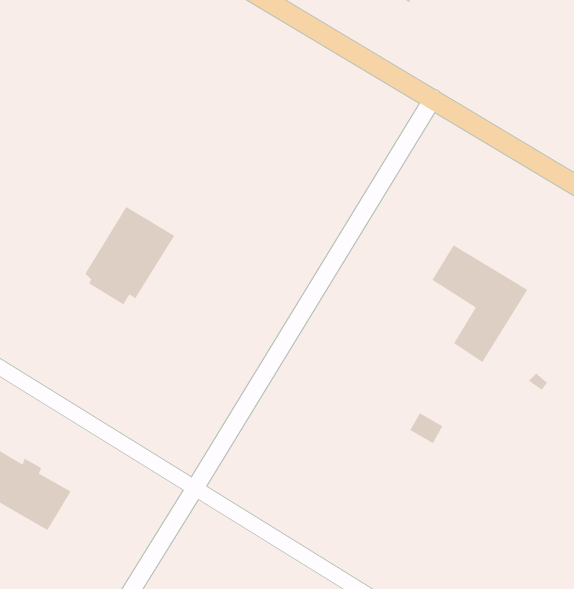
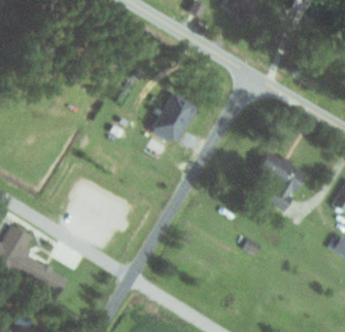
building: [84,206,175,305] -> [151,91,199,143]

